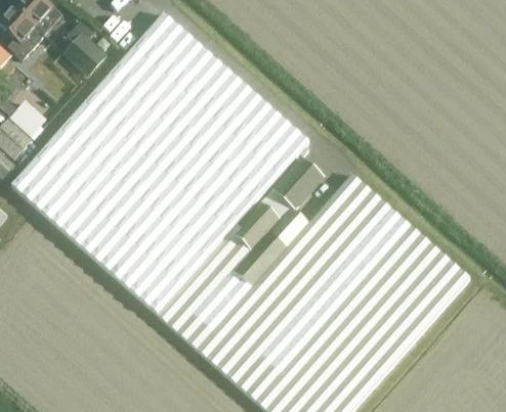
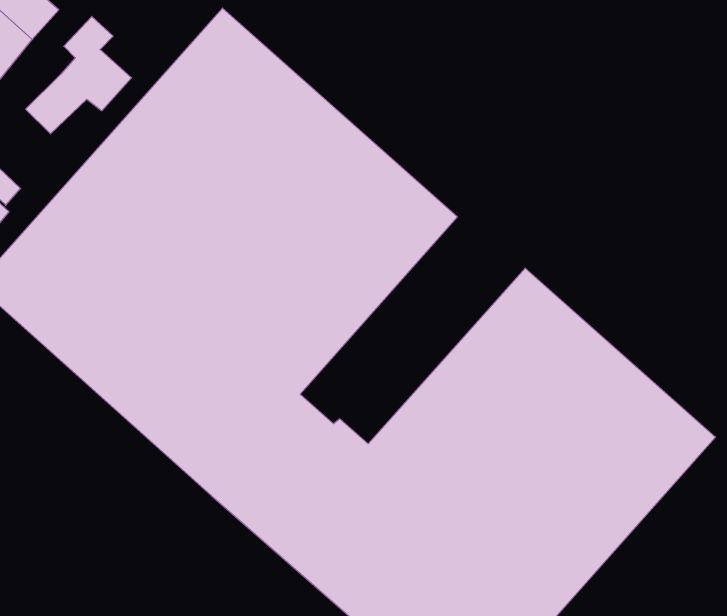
building: [217,156,326,282] -> none

